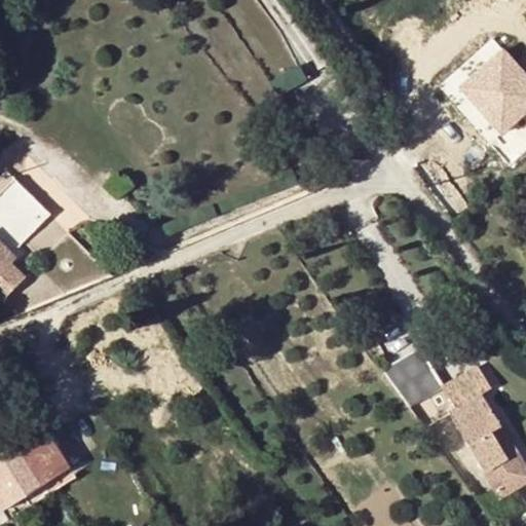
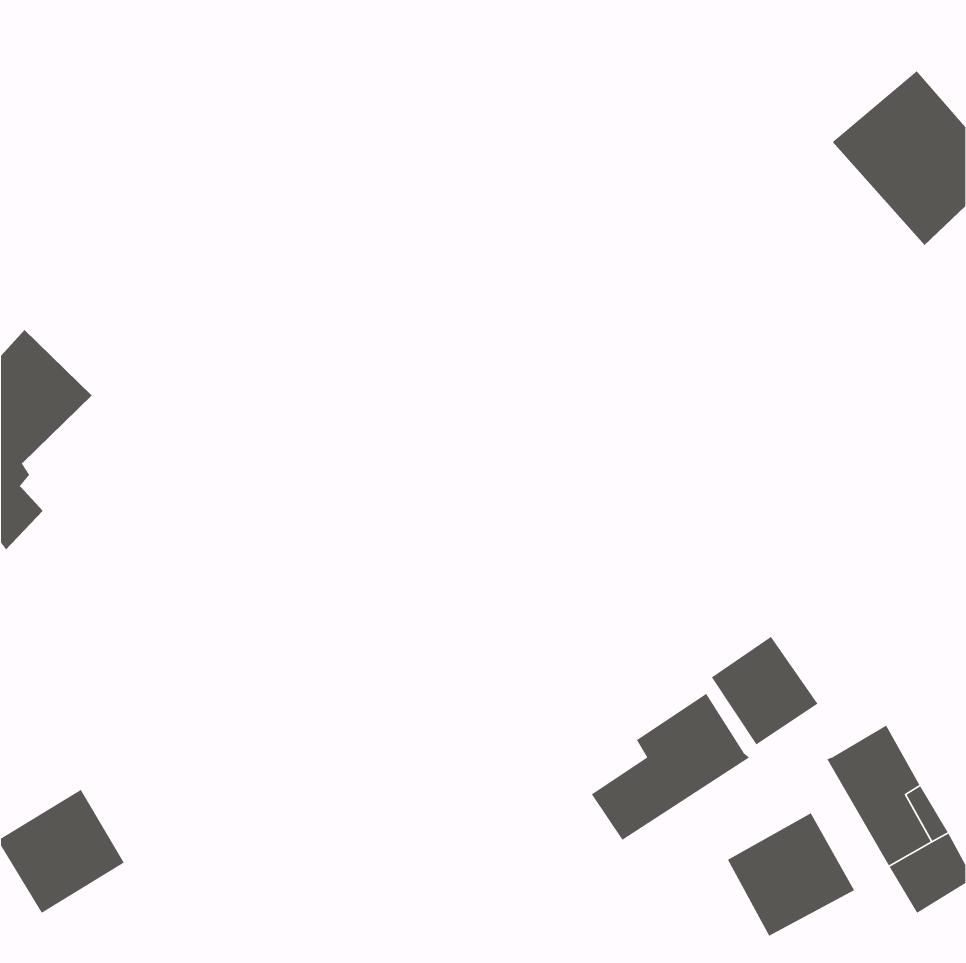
building: [440,368,489,413] -> none
building: none -> [591,693,750,841]
building: none -> [727,812,855,937]

